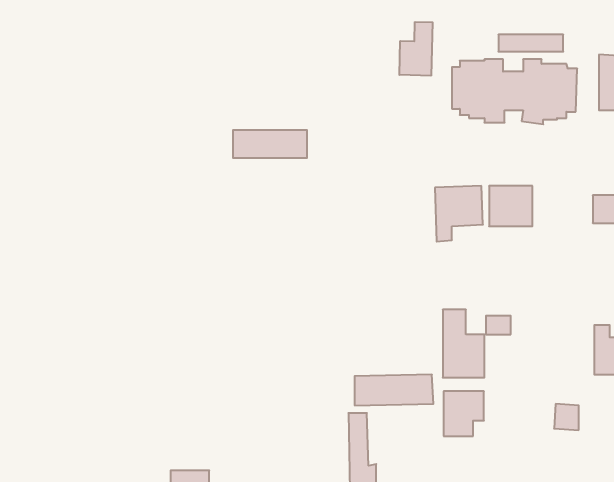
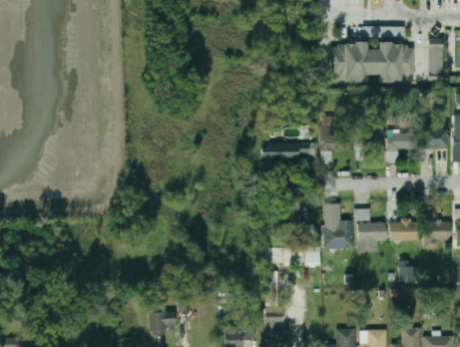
building: [399,22,433,76] -> none
building: [233,130,307,158] -> [269,142,317,160]
building: none -> [388,133,418,162]
building: none -> [390,220,419,241]
building: [444,391,484,436] -> [359,223,385,252]

